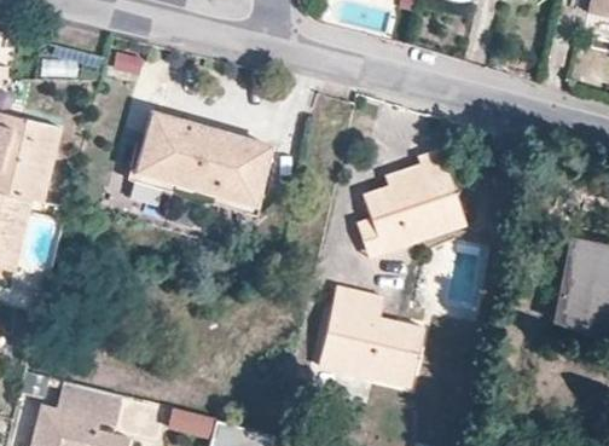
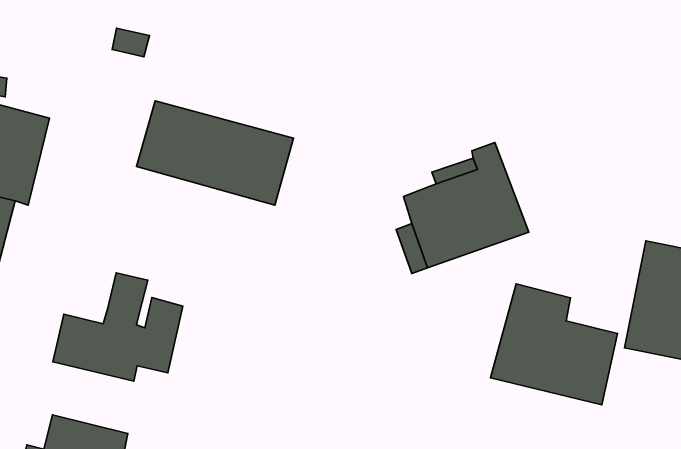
building: none -> [53,273,183,381]
building: [315,286,423,389] -> [491,284,617,405]

